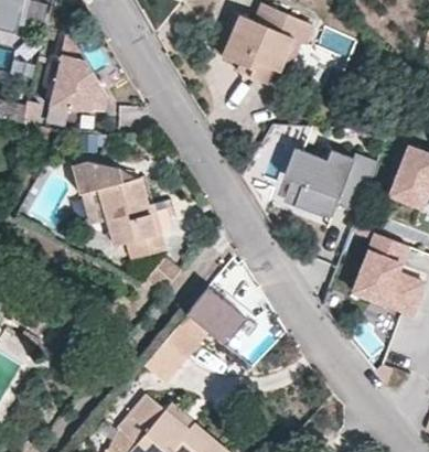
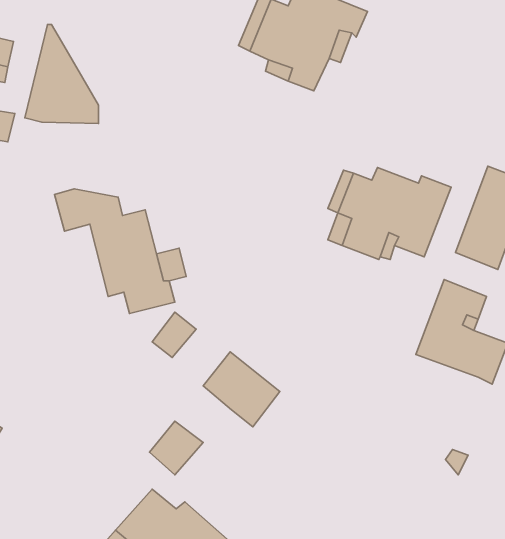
building: [165,315,210,359] -> none

